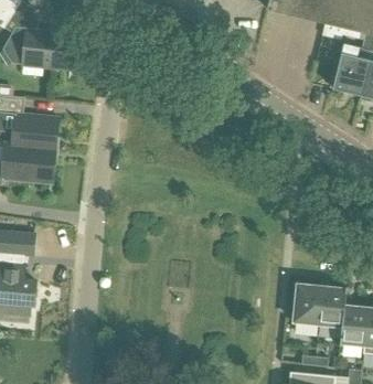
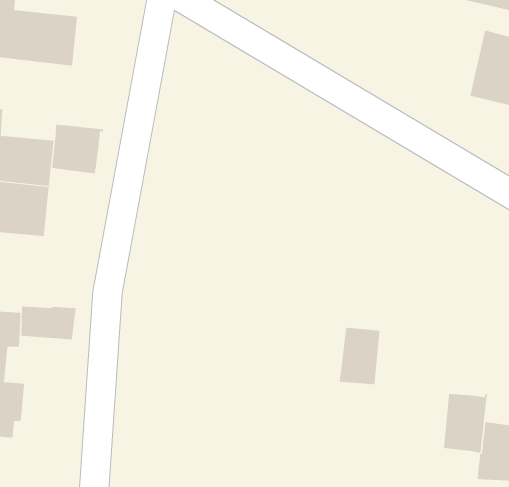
building: none -> [52,124,104,175]
building: none -> [21,306,80,340]
building: [294,285,321,323] -> [339,327,380,385]

